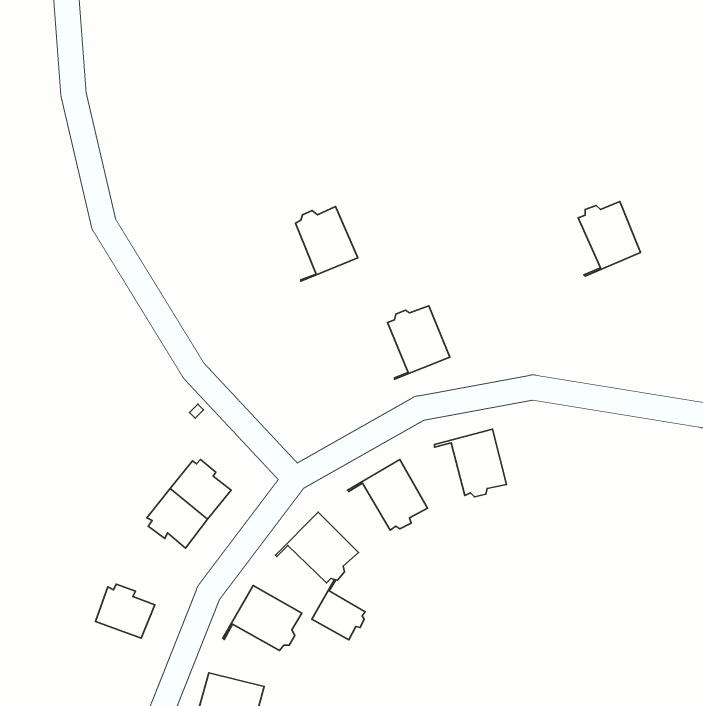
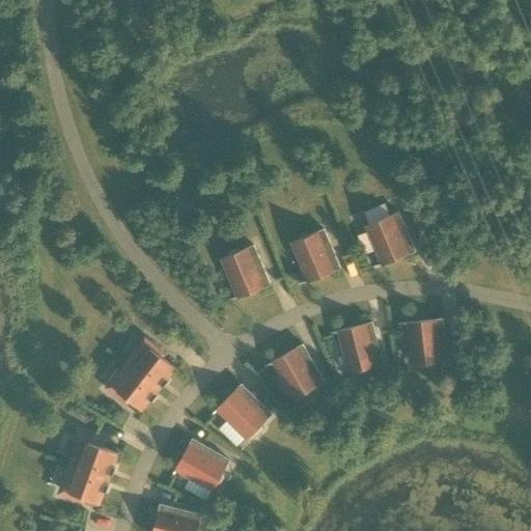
building: [578,201,641,276] -> [365,213,412,269]
building: [295,206,358,281] -> [221,246,268,302]
building: none -> [395,319,444,368]
building: [312,579,365,640] -> none
building: none -> [62,467,106,505]

